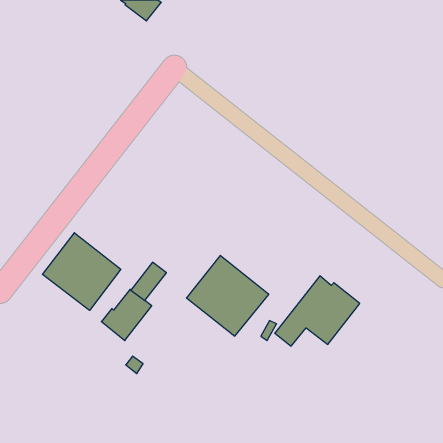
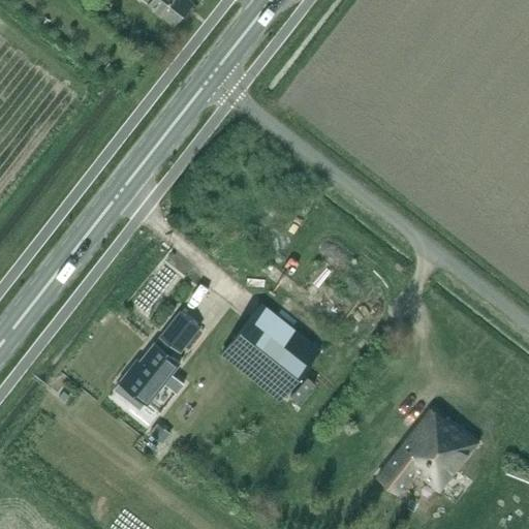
building: [42,233,121,310] -> none
building: [275,276,360,346] -> [378,410,479,494]

